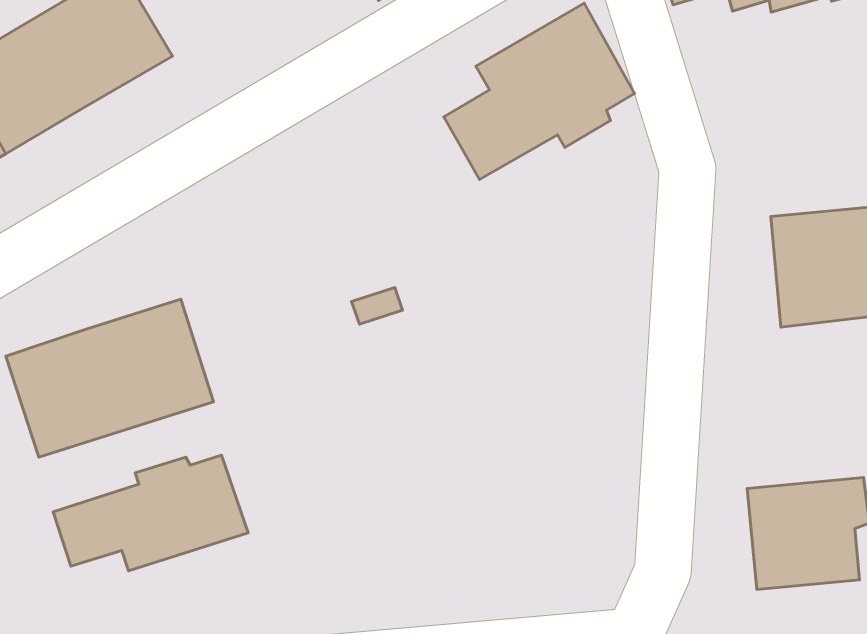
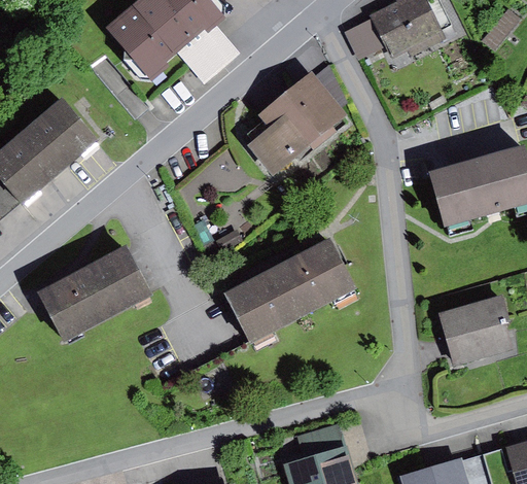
building: none -> [217,249,351,354]
building: [53,455,248,571] -> none

